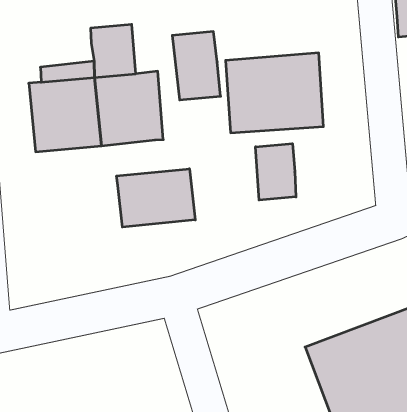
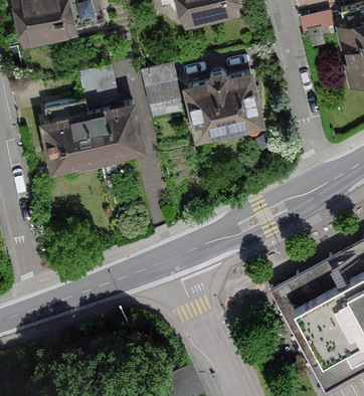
building: [256,144,296,200] -> none
building: [117,169,195,227] -> none

